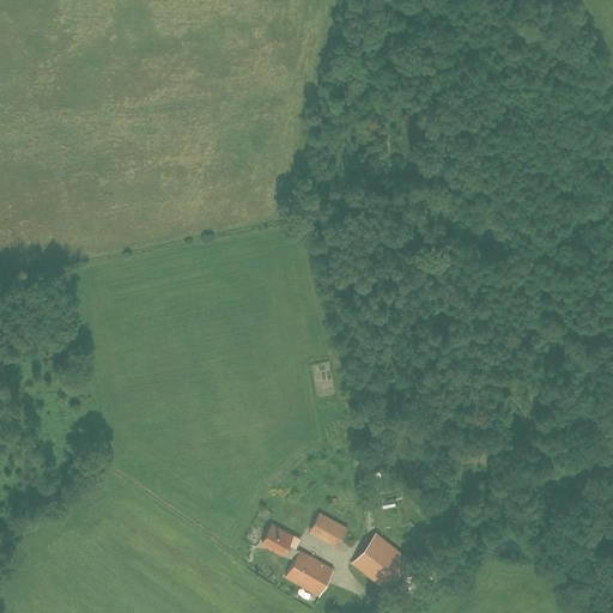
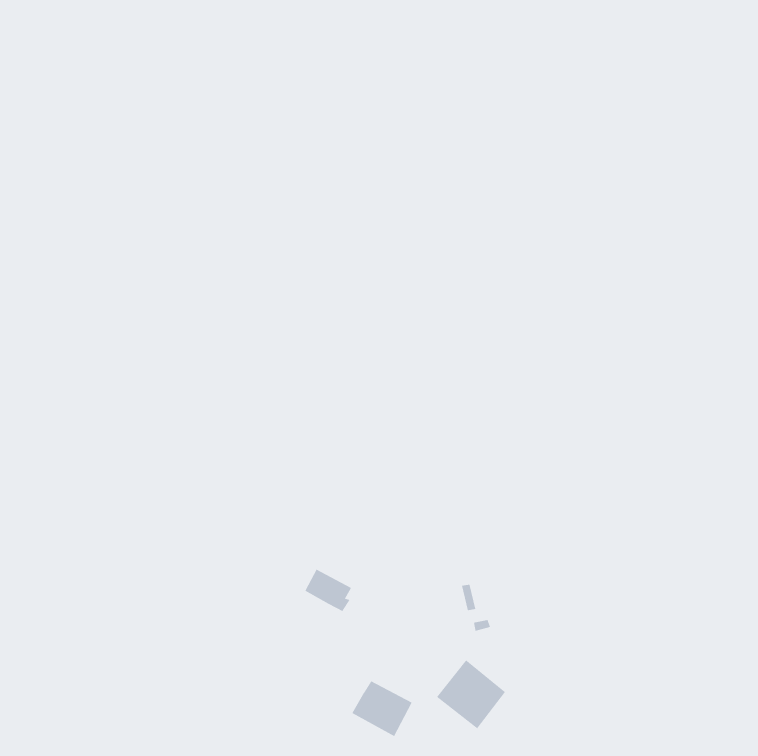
building: [303,512,344,546] -> none
building: [262,526,301,560] -> [304,569,352,612]

